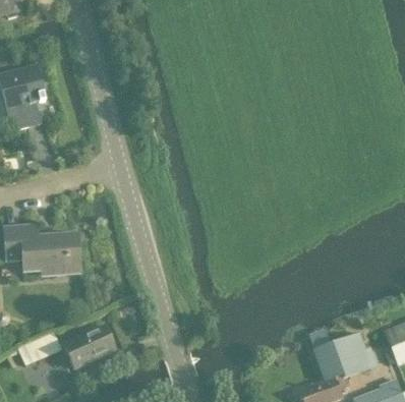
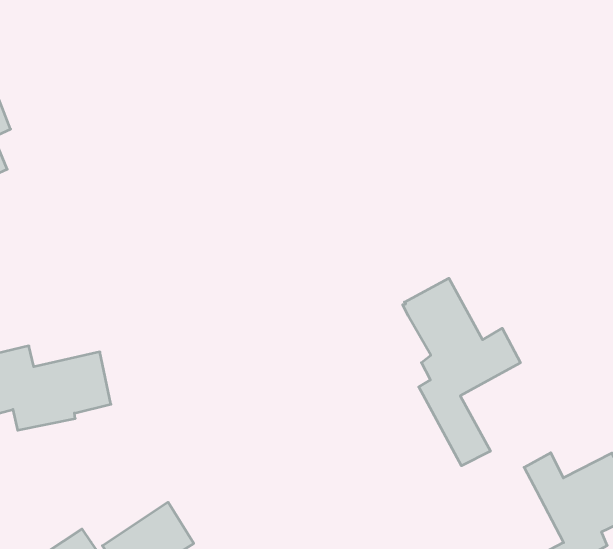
building: none -> [403,278,520,466]

